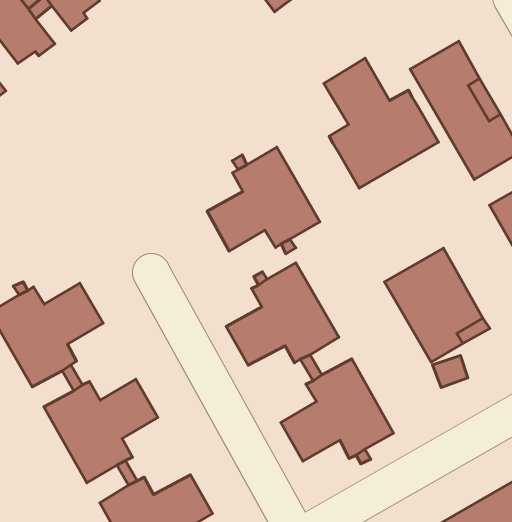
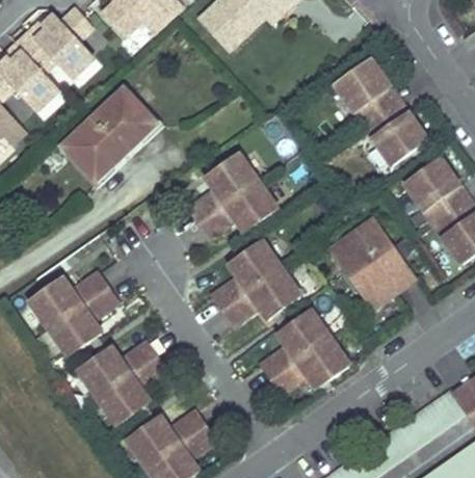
building: none -> [61,87,156,182]
building: [324,58,438,188] -> none

